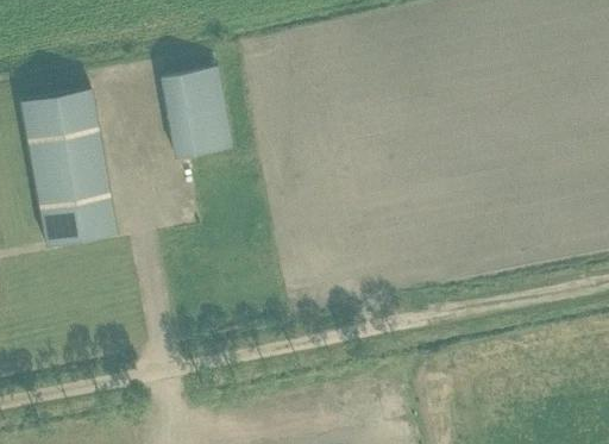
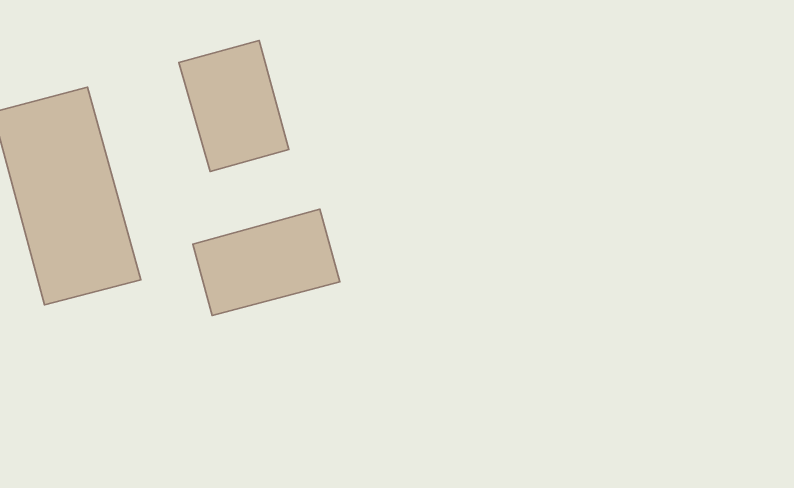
building: none -> [193,209,340,316]

